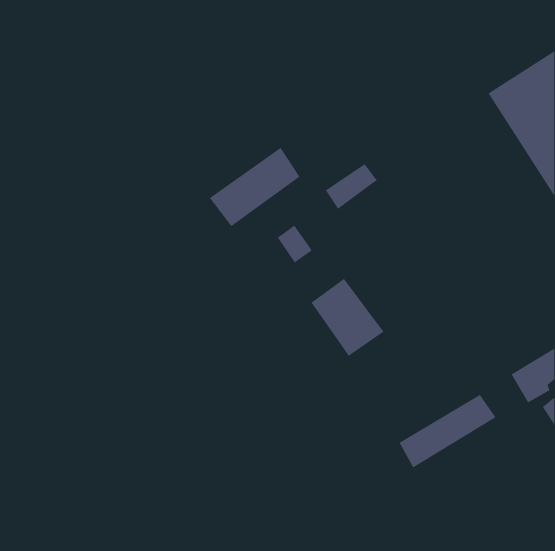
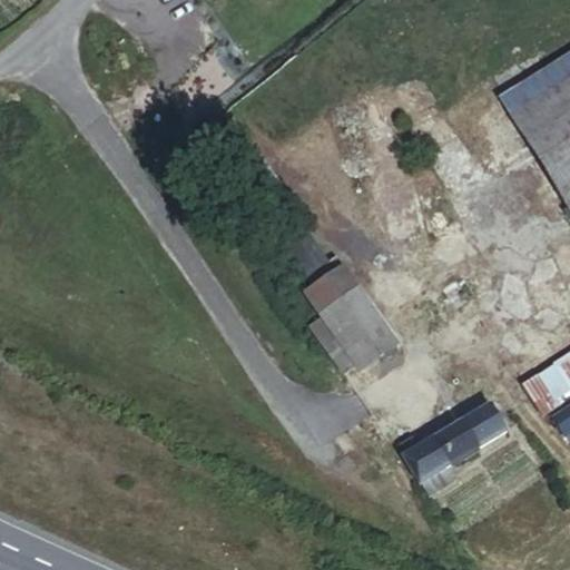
building: [209,147,301,227] -> none
building: [325,163,378,210] -> [305,263,360,311]

